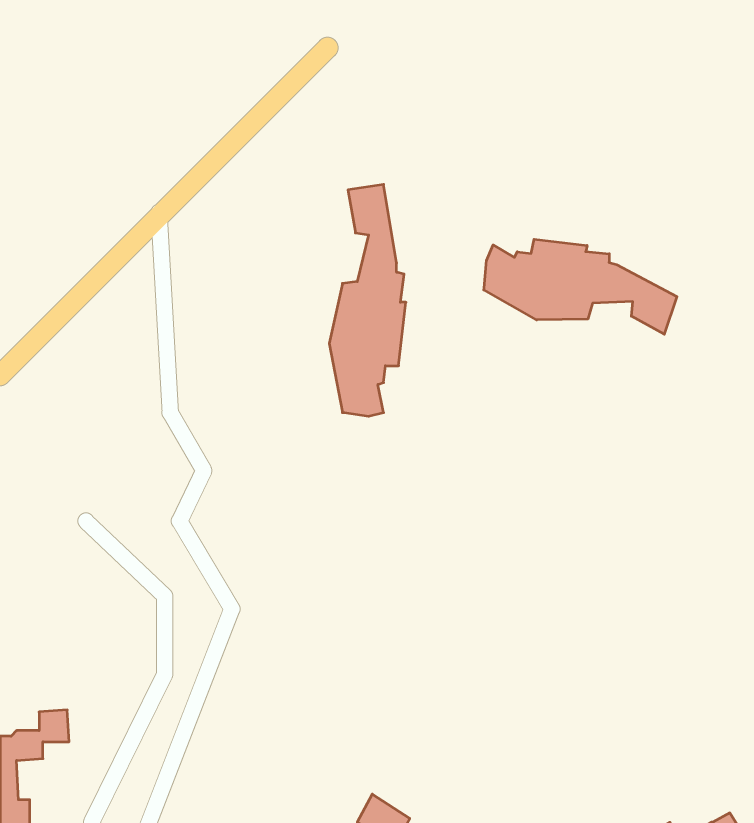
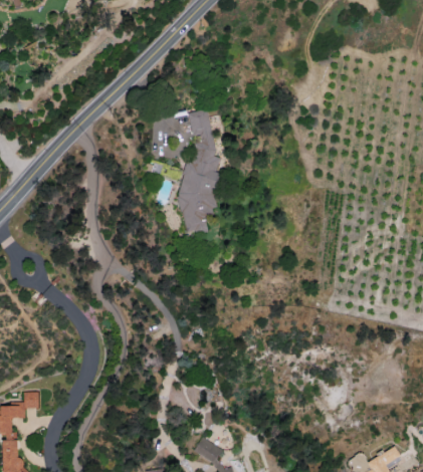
building: [484,239,677,334] -> none

